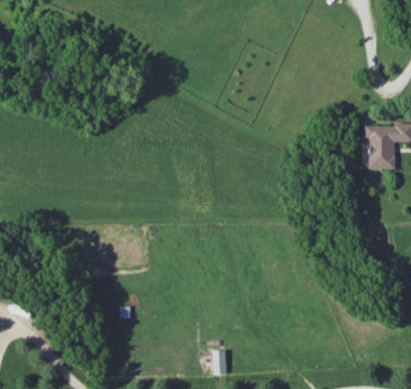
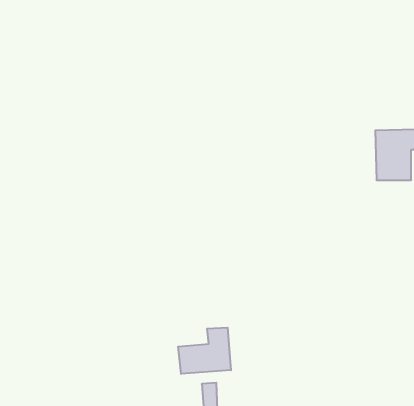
building: none -> [178,328,231,374]

